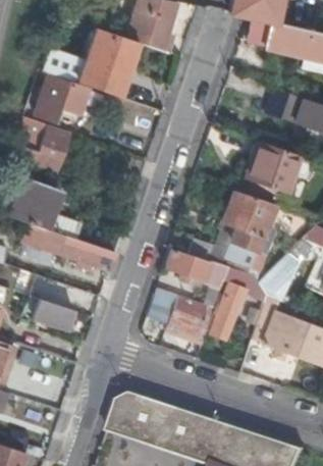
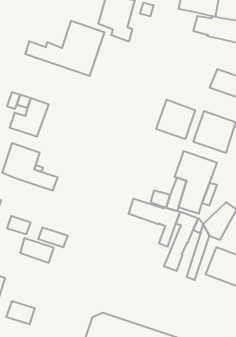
building: [31,76,86,121] -> none
building: none -> [156,99,195,139]
building: [20,224,115,272] -> none
building: [157,289,216,332] -> none

